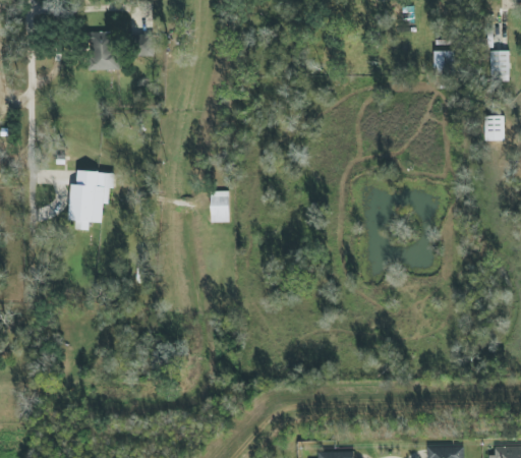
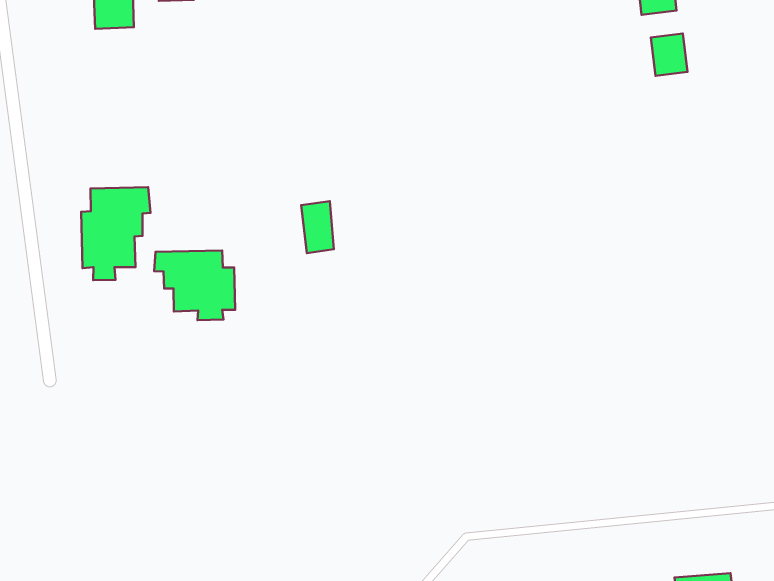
building: [483,115,505,140] -> [651,33,687,76]
building: none -> [154,250,235,320]

